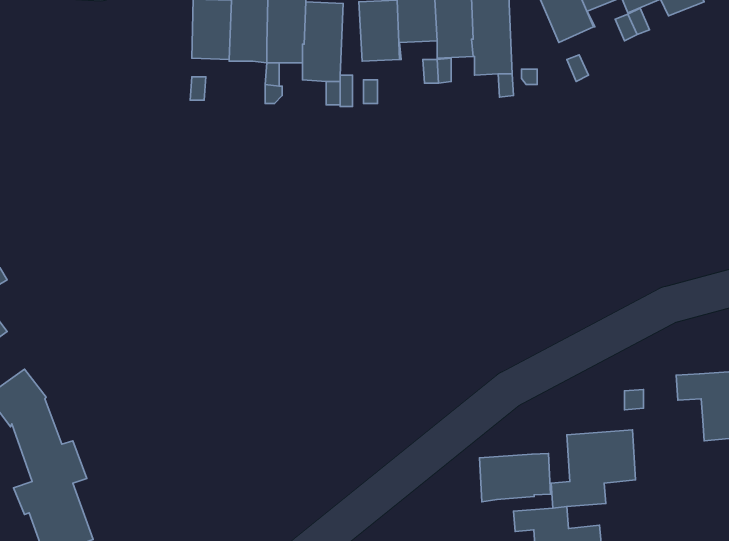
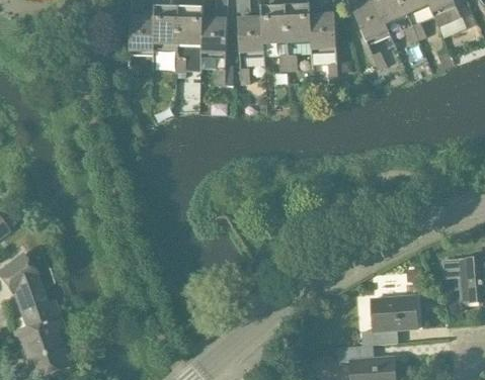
building: [480,453,551,502] -> none

